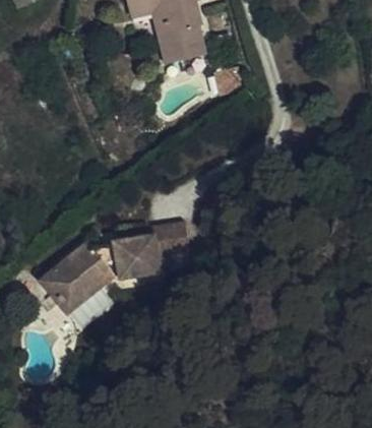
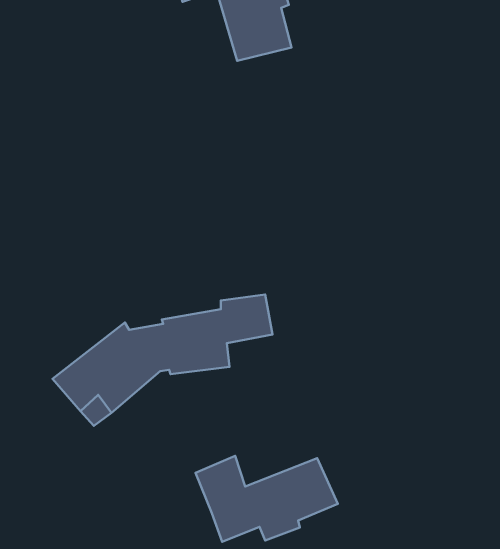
building: none -> [195,456,338,542]

